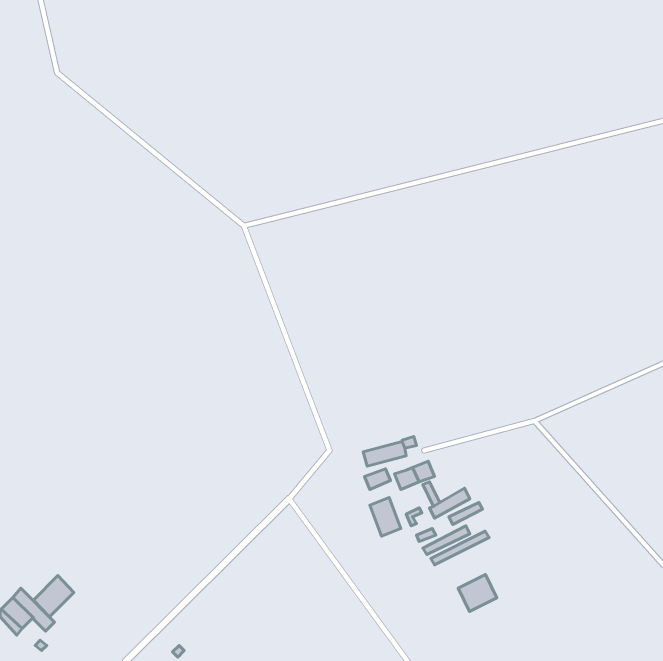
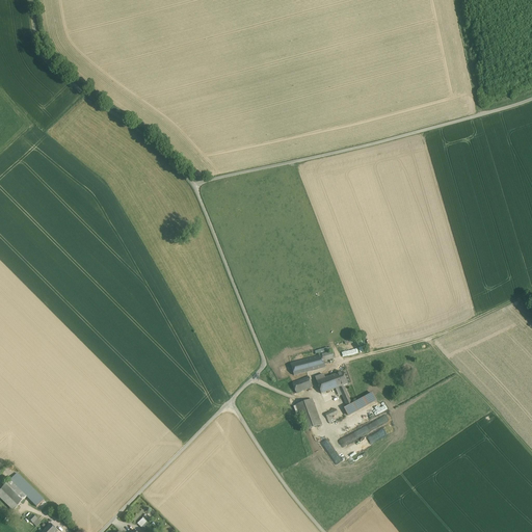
building: [458,574,497,611] -> none
building: [33,576,74,617] -> none

